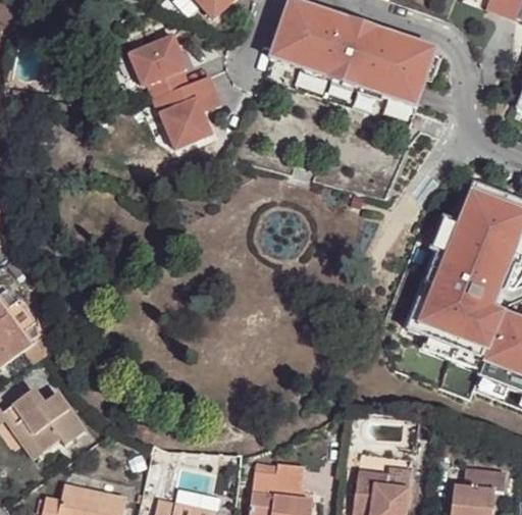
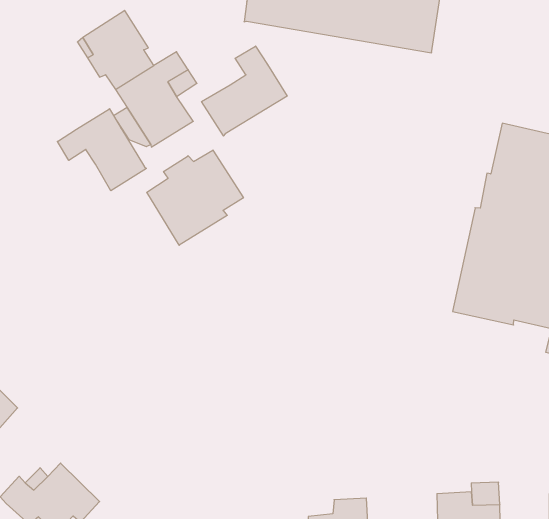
building: none -> [202,46,287,136]
building: none -> [57,109,146,191]
building: none -> [147,150,243,245]

